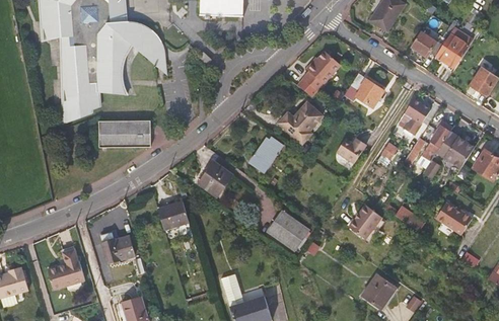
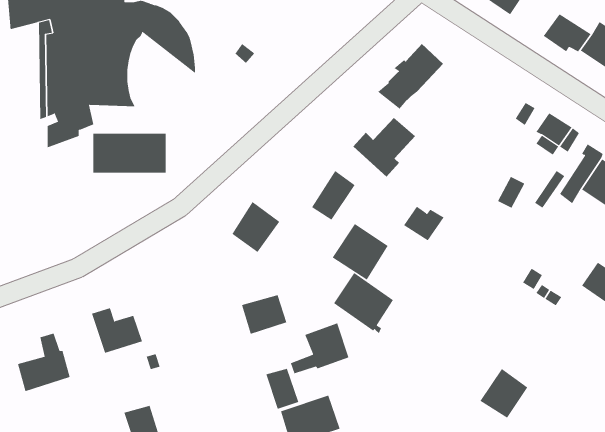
building: [344,73,384,107] -> none
building: [336,140,364,164] -> [403,206,444,241]
building: none -> [332,223,389,280]
building: [158,203,190,230] -> [241,295,287,334]
building: [348,208,383,242] -> none
building: none -> [290,322,349,374]

